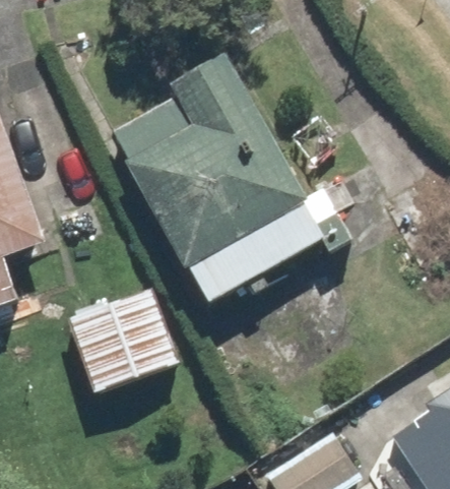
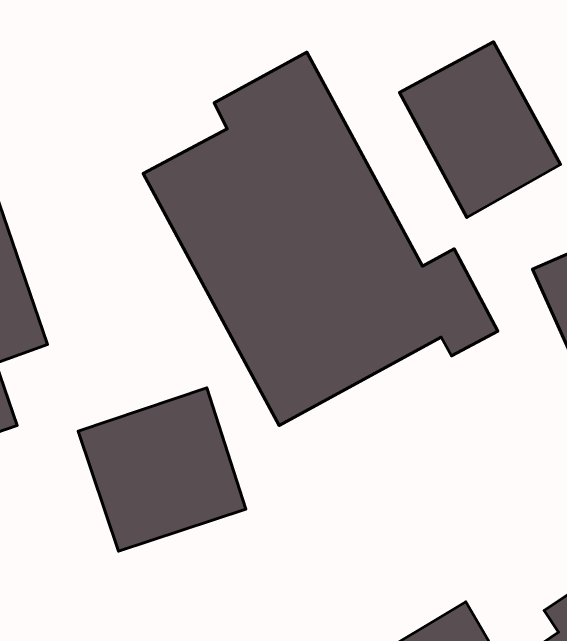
building: none -> [400,42,561,217]

